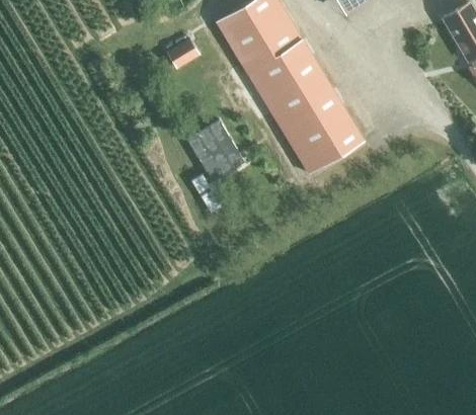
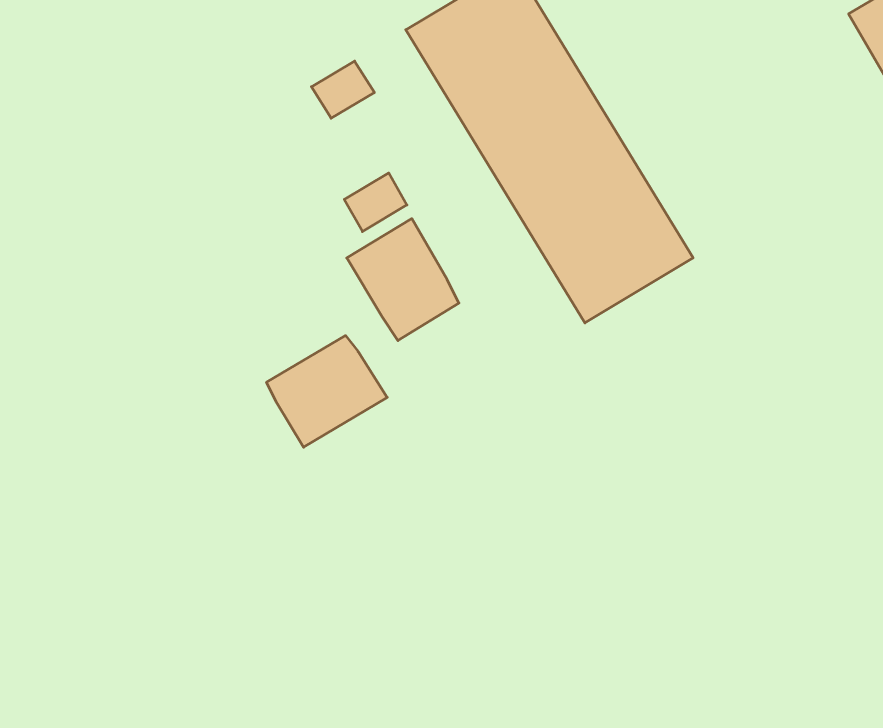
building: none -> [344,173,407,232]
building: none -> [267,336,387,447]

